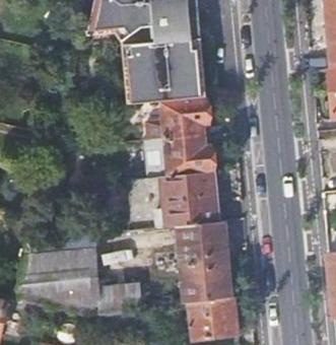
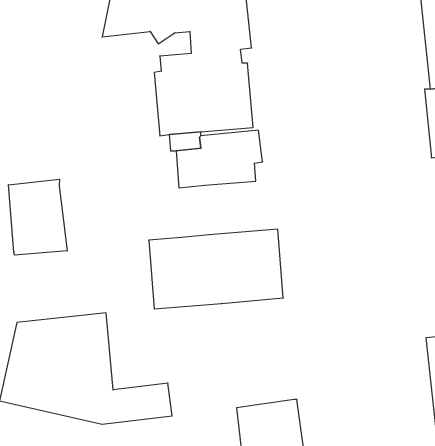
building: none -> [8,179,67,255]
building: [143,136,211,178] -> none
building: [177,222,230,303] -> none

